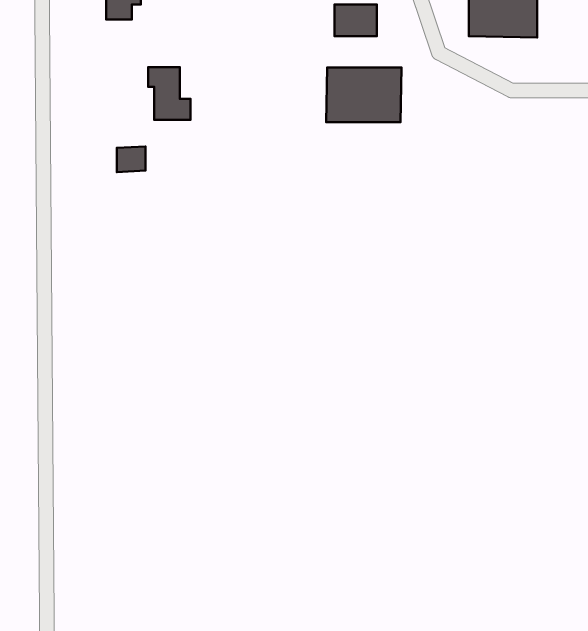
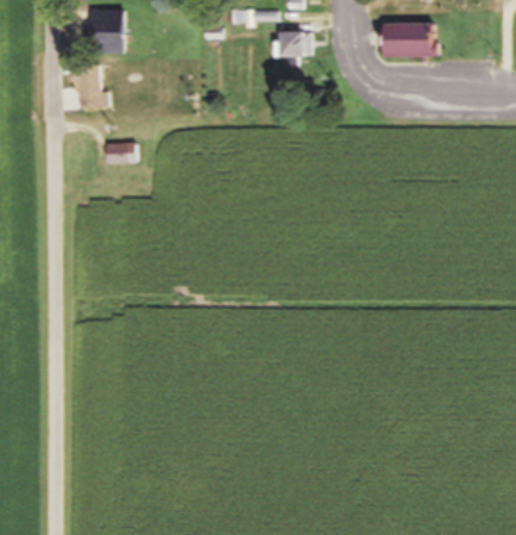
building: [148,67,190,120] -> [74,66,107,107]
building: [326,68,401,122] -> none

